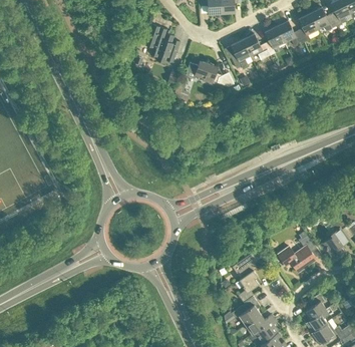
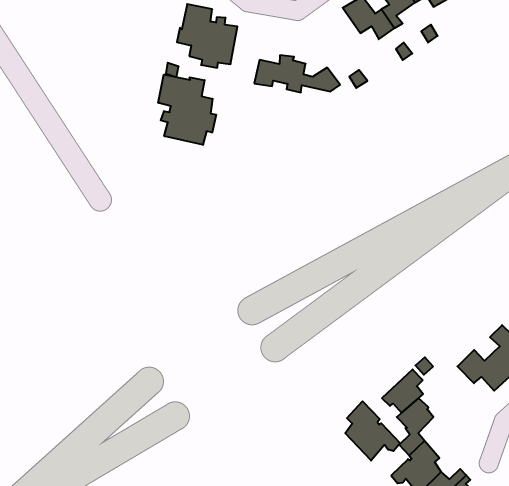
building: [231,39,250,69] -> none
building: none -> [158,75,216,145]
building: none -> [345,401,400,461]

